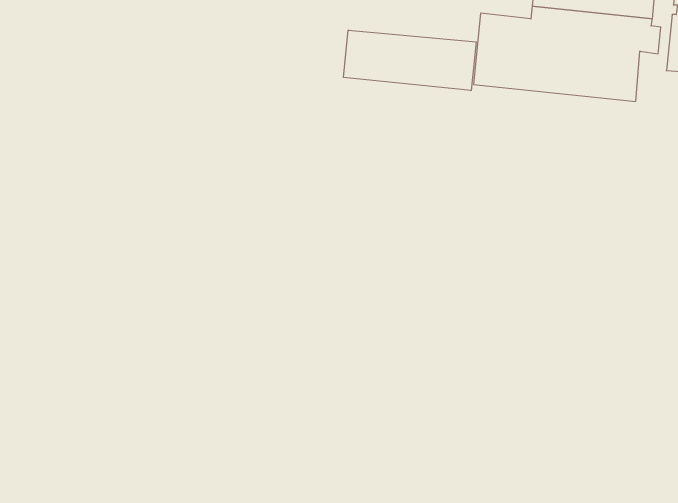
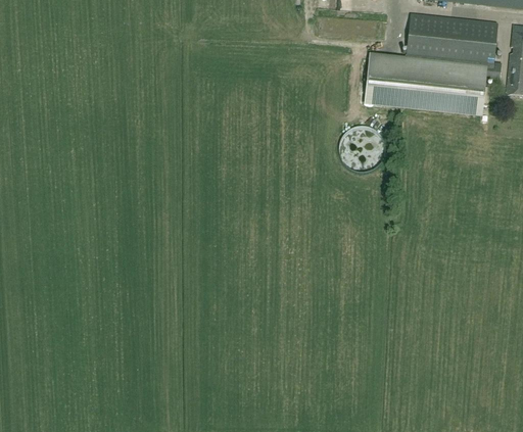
building: [343,30,476,91] -> none

